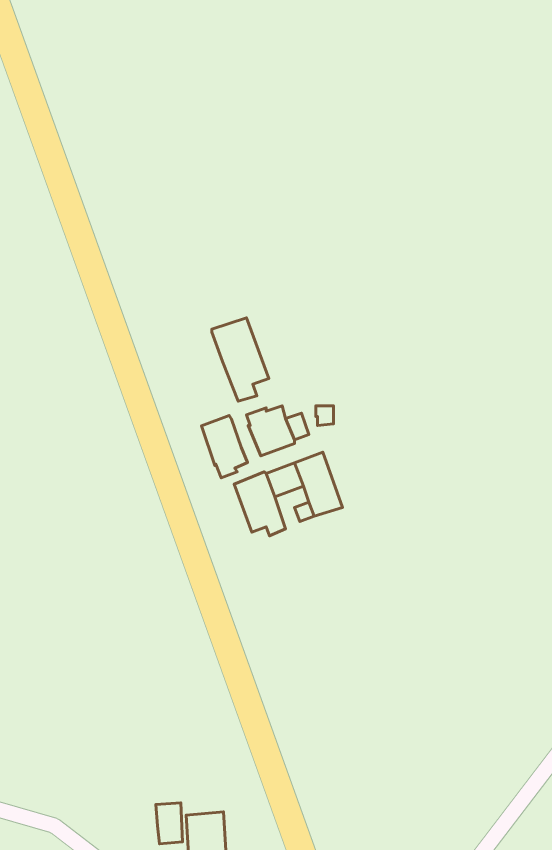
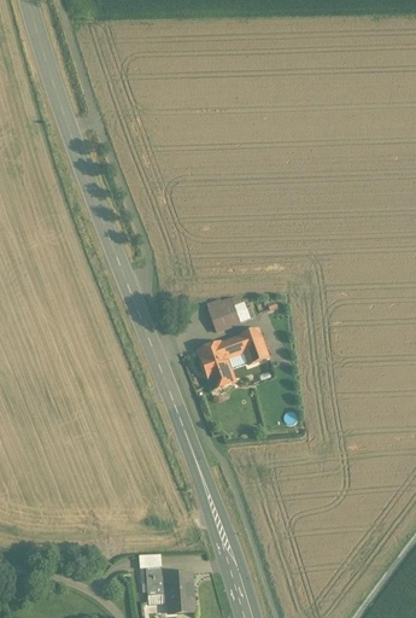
building: [212,318,269,401] -> none
building: [201,416,247,478] -> none

